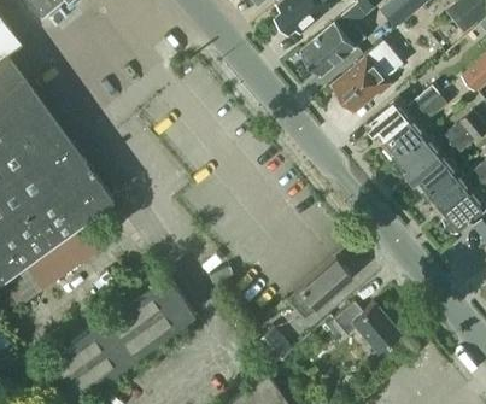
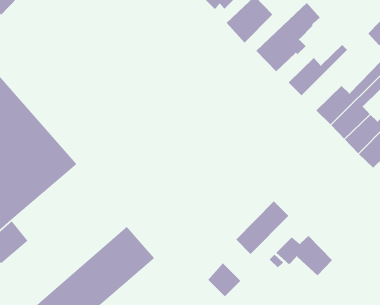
building: [379,94,445,160] -> none

